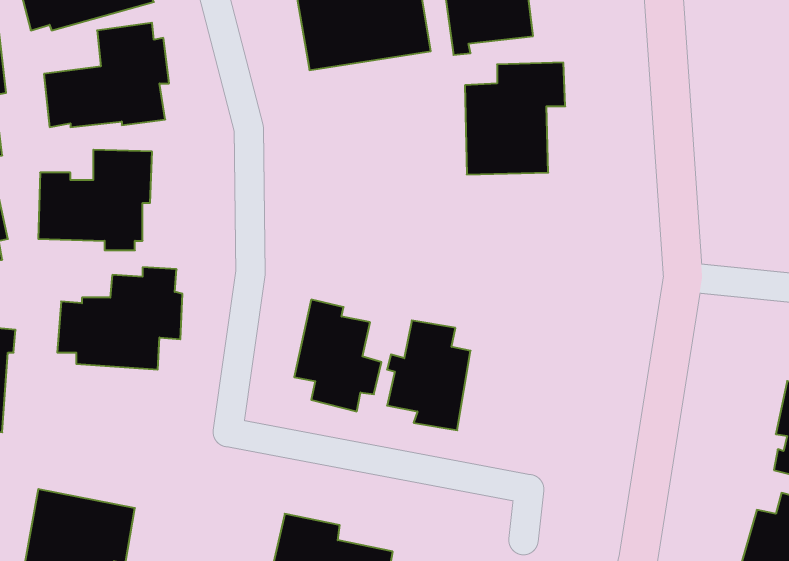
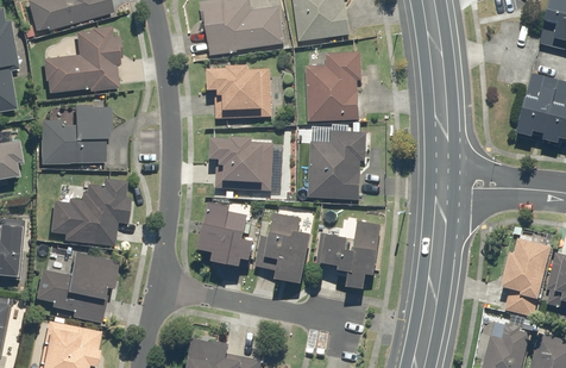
building: none -> [209,64,272,118]
building: none -> [308,121,367,199]
building: none -> [210,136,278,191]
building: none -> [317,222,382,288]
building: none -> [36,249,119,322]

